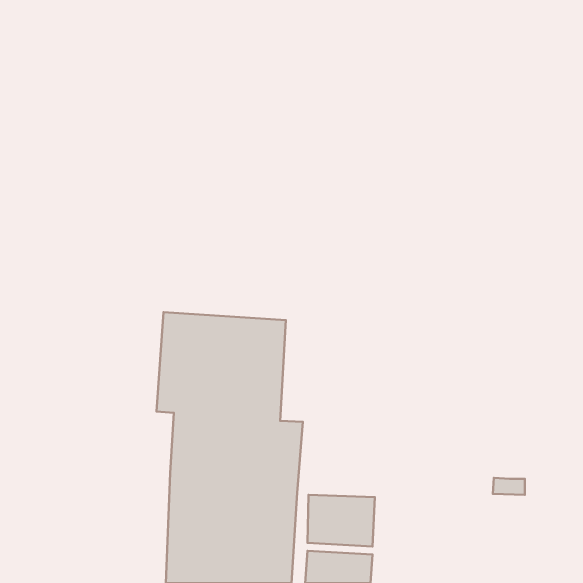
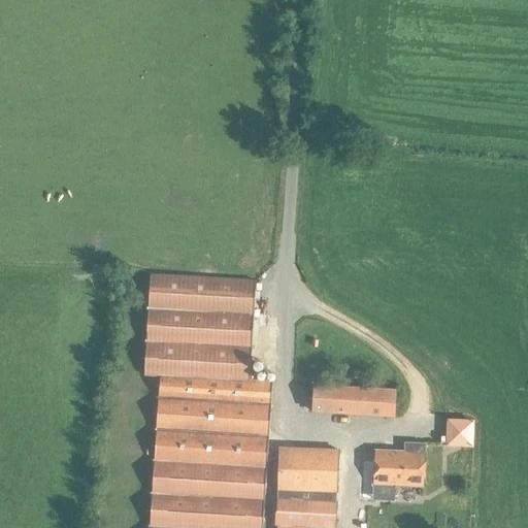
building: none -> [310,383,396,418]
building: none -> [373,441,425,487]

